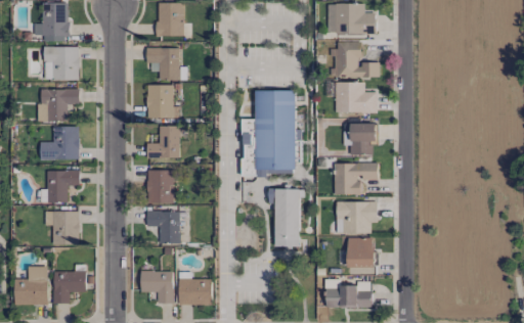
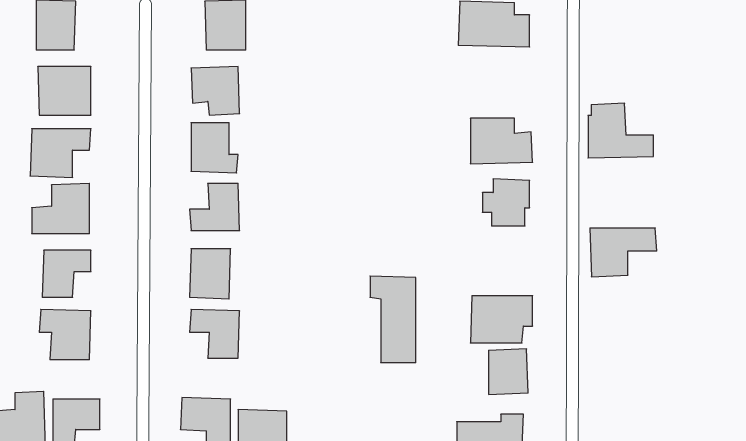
building: [336,41,380,78] -> [588,103,653,158]
building: [243,90,296,176] -> none
building: [334,163,379,195] -> [590,228,657,277]

